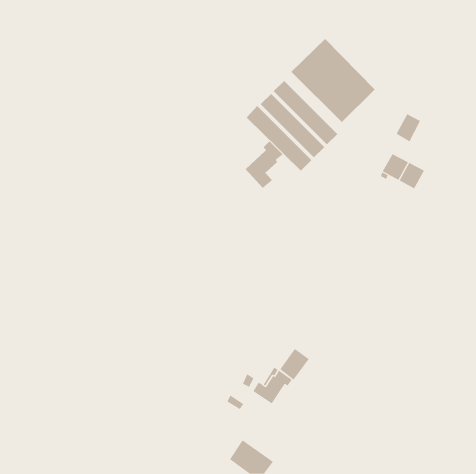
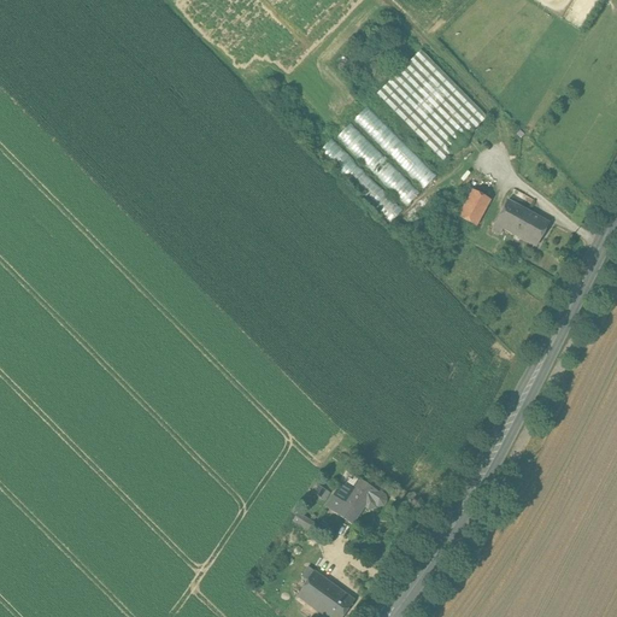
building: [396,113,421,142] -> [458,188,490,225]
building: [245,141,284,189] -> none
building: [280,348,309,381] -> none

